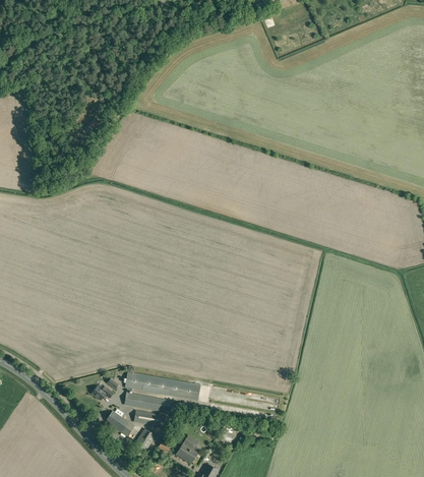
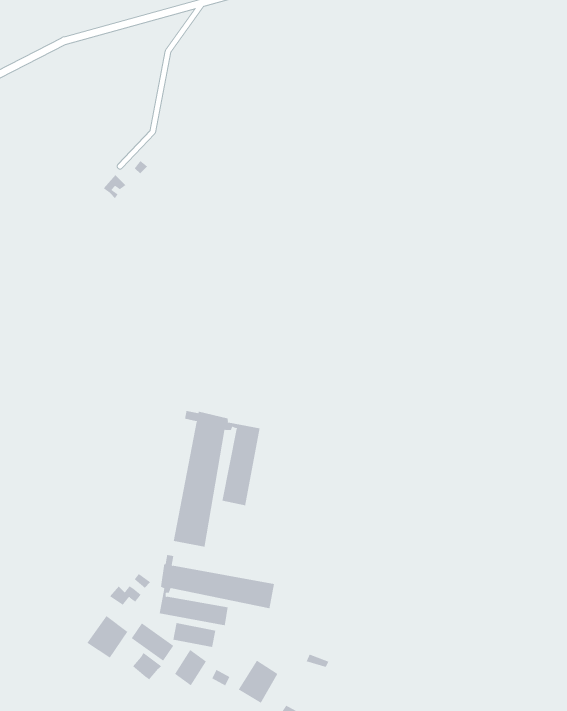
building: none -> [173,410,260,548]
building: none -> [86,615,128,659]

